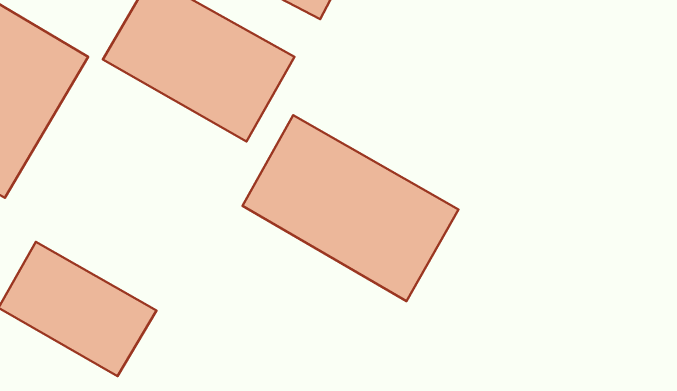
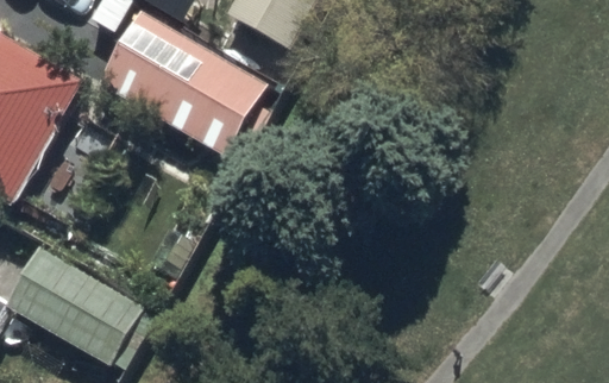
building: [242,115,459,301] -> none

